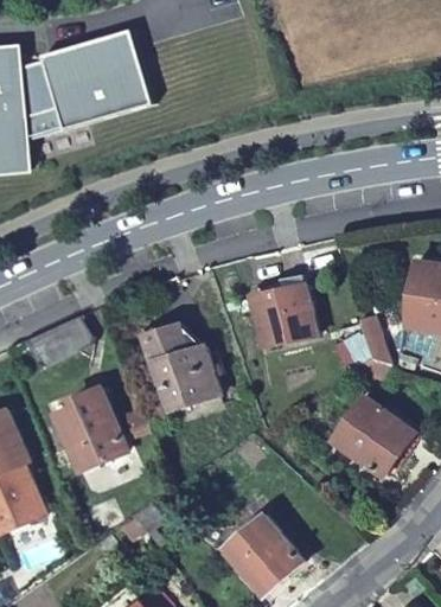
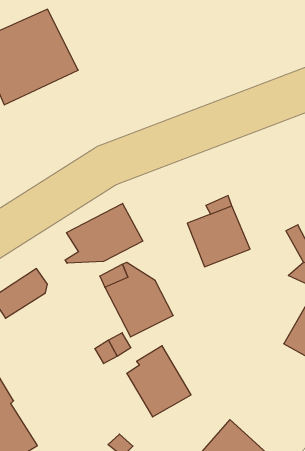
building: none -> [65,203,143,263]
building: [56,386,123,464] -> [127,346,191,417]

